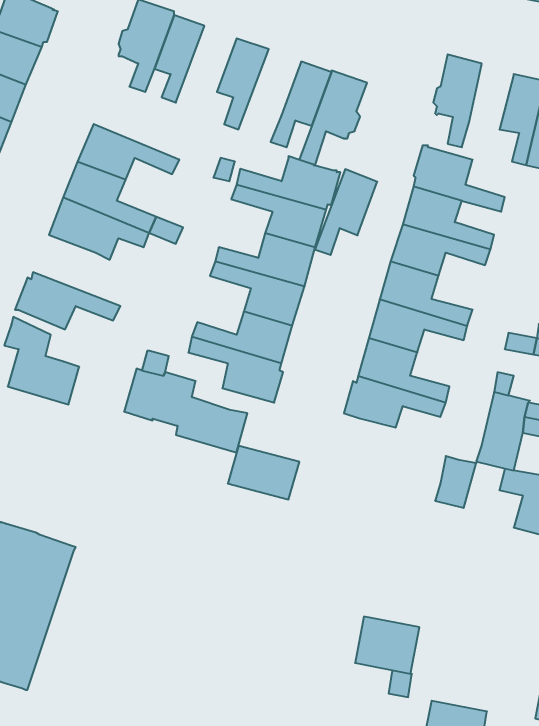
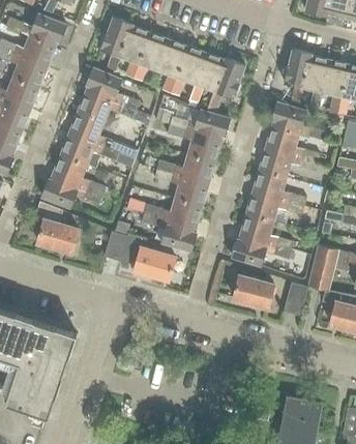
building: none -> [134,33,169,81]
building: none -> [303,56,329,109]
building: none -> [85,68,139,111]
building: [315,169,377,255] -> [170,47,206,96]
building: none -> [51,154,105,196]
building: [228,446,299,499] -> [232,276,273,307]
building: [355,617,419,674] -> [281,397,319,431]

